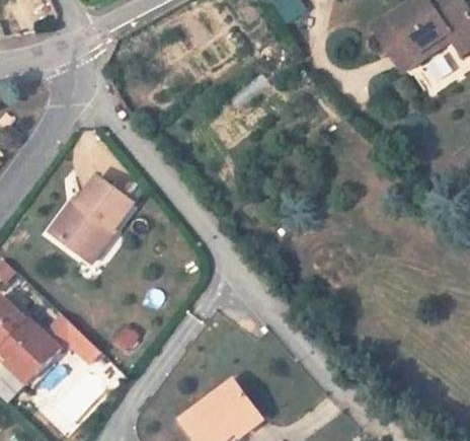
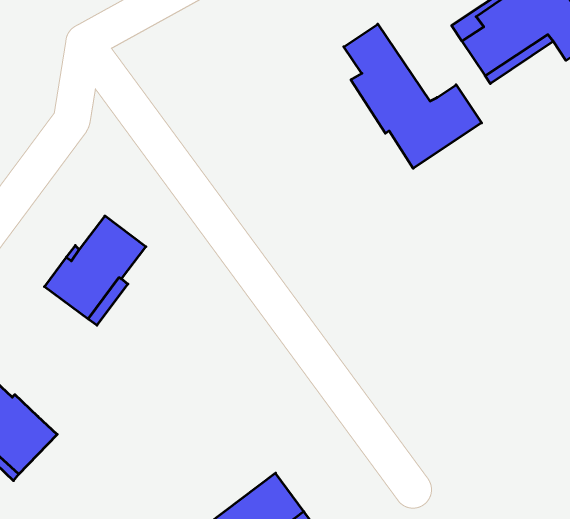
building: none -> [344,24,482,168]
building: [45,316,99,362] -> none

